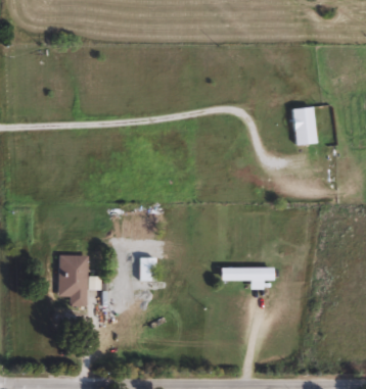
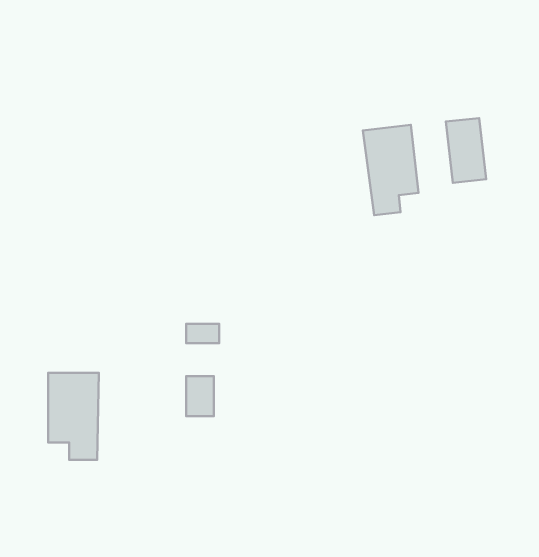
building: none -> [363,125,418,215]
building: [219,266,272,289] -> none

